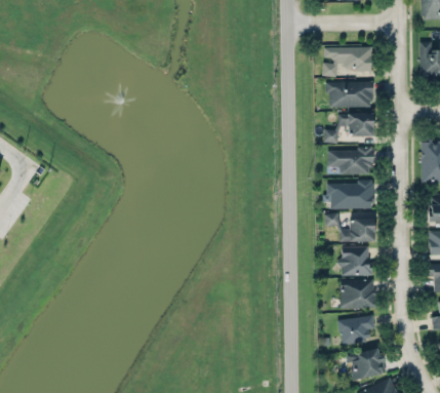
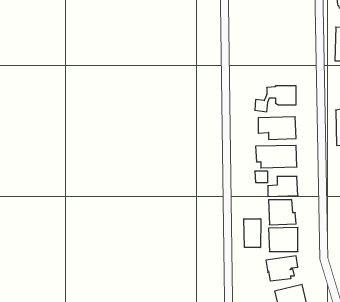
building: [323,49,372,78] -> none
building: [326,81,374,108] -> none
building: none -> [244,219,261,248]

